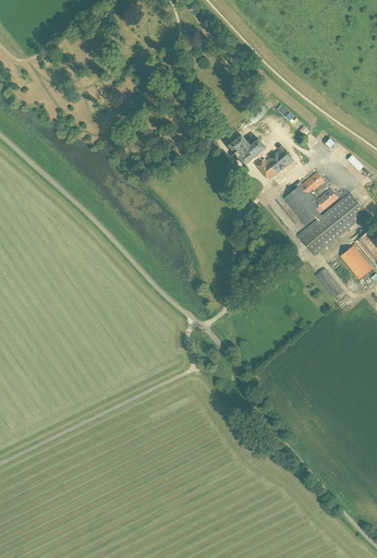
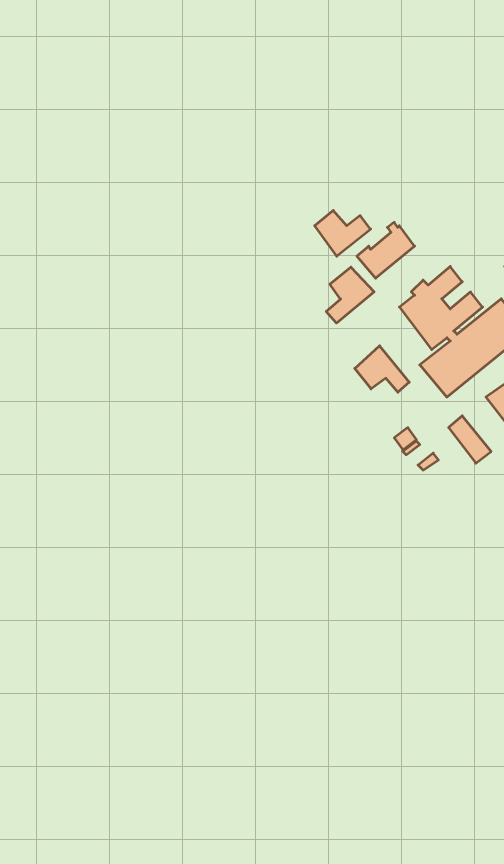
building: none -> [326,267,374,323]
building: none -> [355,346,409,392]

